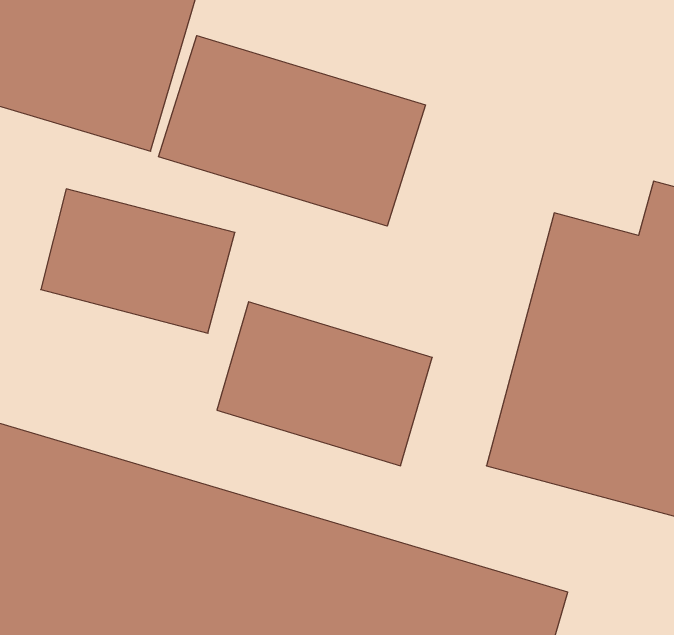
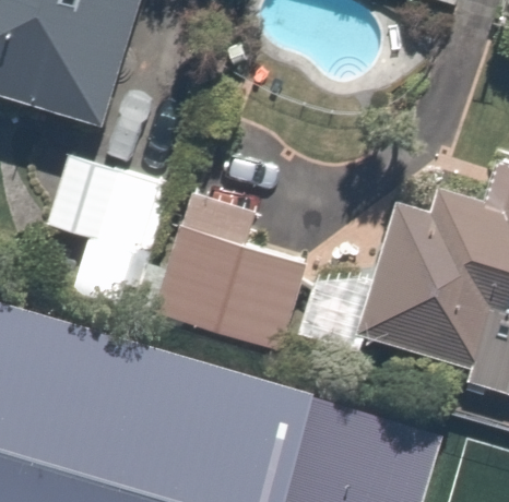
building: [158,36,425,226] -> none

